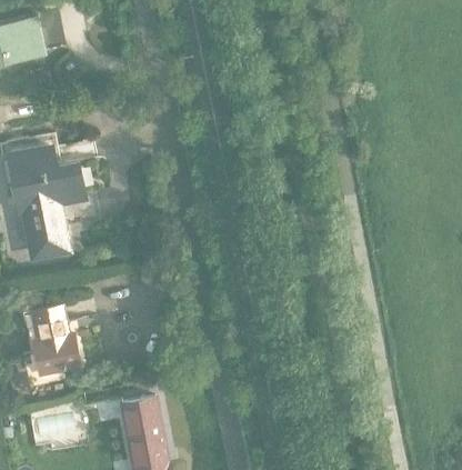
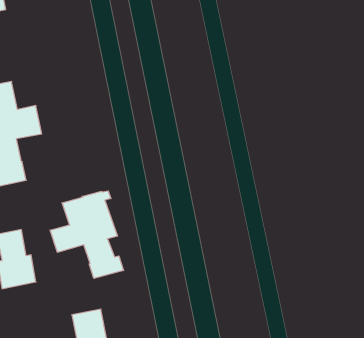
building: none -> [50,191,124,278]

